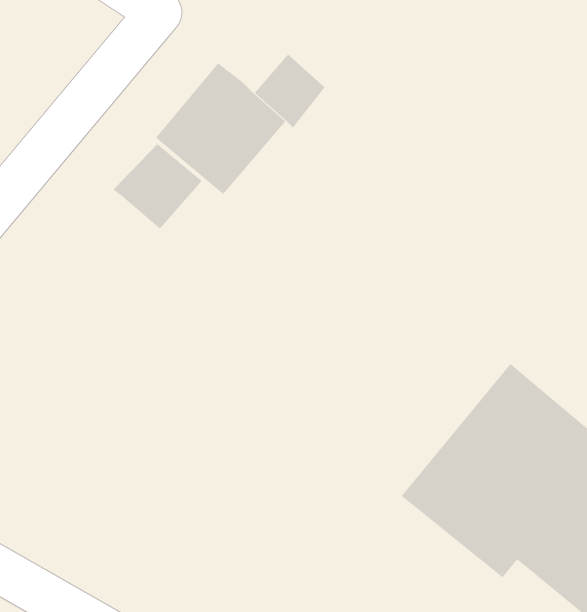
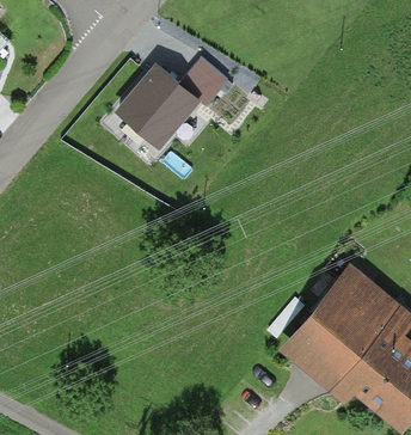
building: [112,143,202,229] -> none

